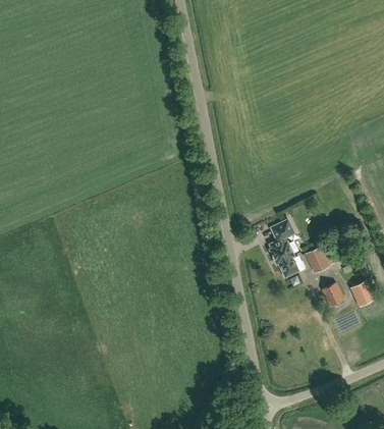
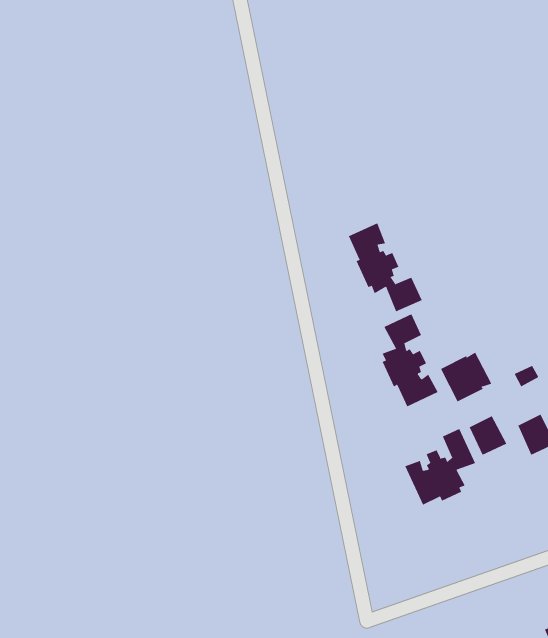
building: none -> [348,223,422,312]
building: none -> [404,428,476,505]

